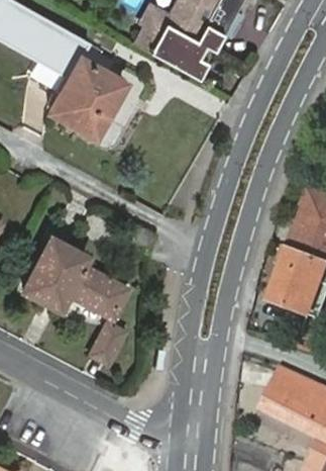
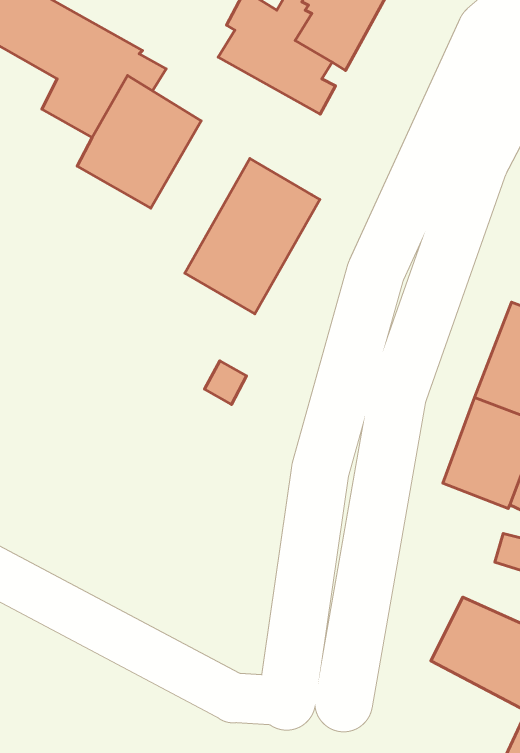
building: none -> [185,159,320,314]
building: [18,239,124,364] -> none

